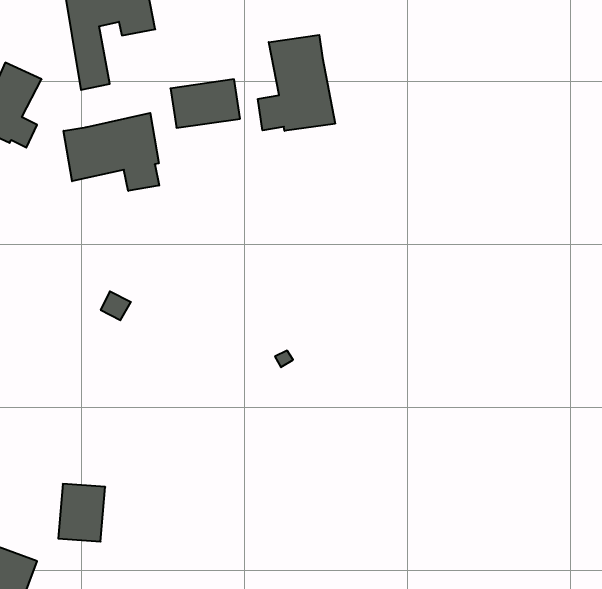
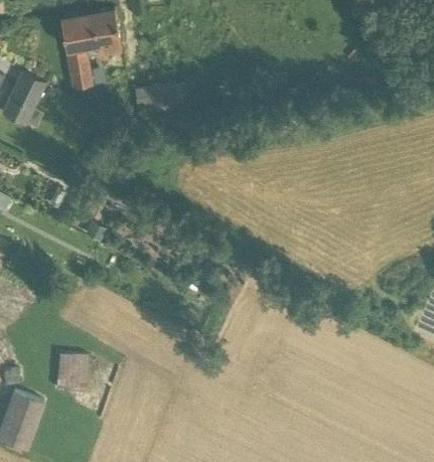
building: [258,35,335,131] -> none
building: [64,113,159,191] -> none

